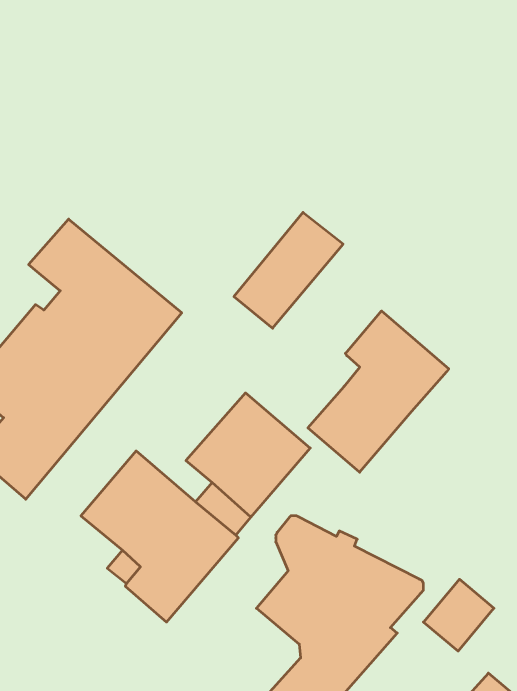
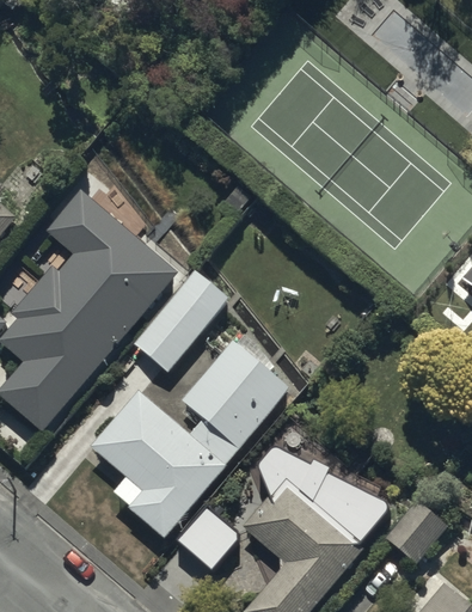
building: [234,212,343,328] -> [134,270,228,371]
building: [308,311,449,472] -> none
building: none -> [178,507,238,570]

